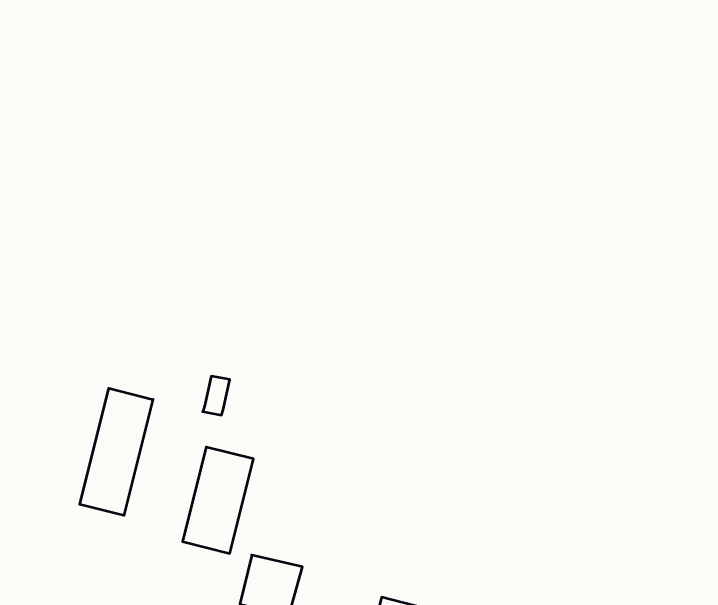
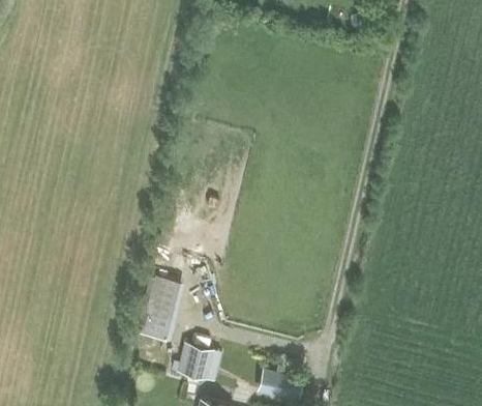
building: [80,388,153,515] -> none

